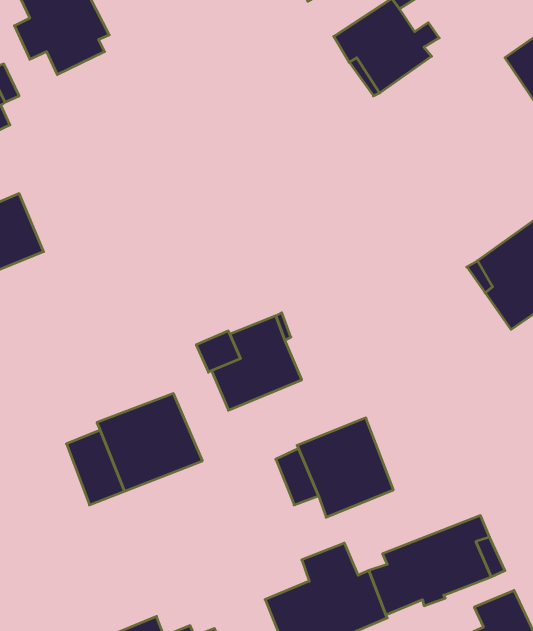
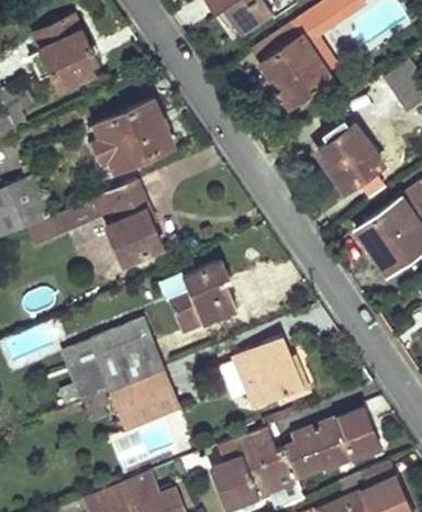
building: none -> [92,98,174,171]
building: none -> [315,125,380,191]
building: none -> [49,180,162,265]
building: none -> [108,368,179,430]

